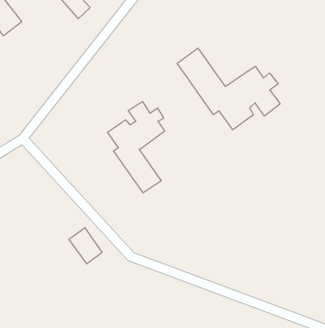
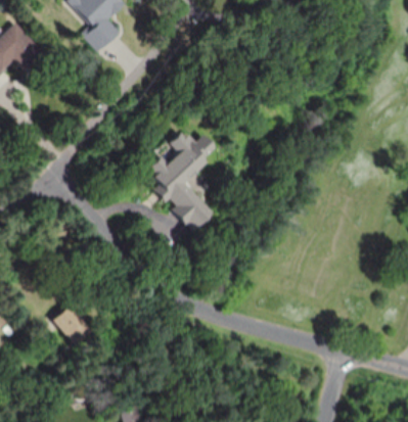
building: [177,48,280,130] -> none
building: [69,228,102,264] -> [54,304,92,344]

